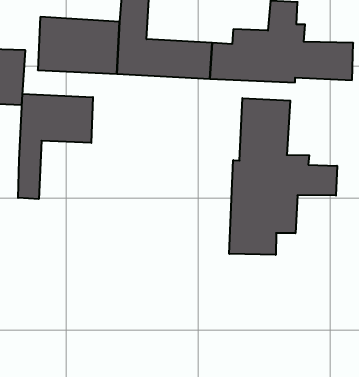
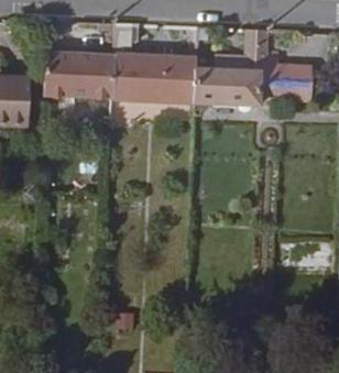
building: [18,94,93,199] -> none
building: [229,98,337,255] -> none

